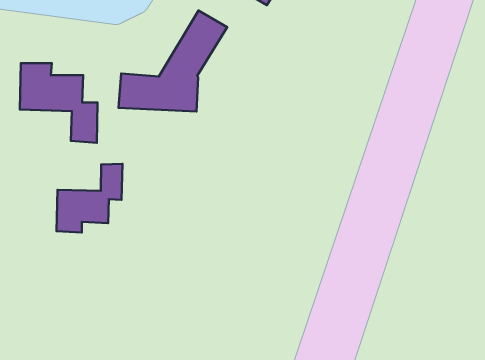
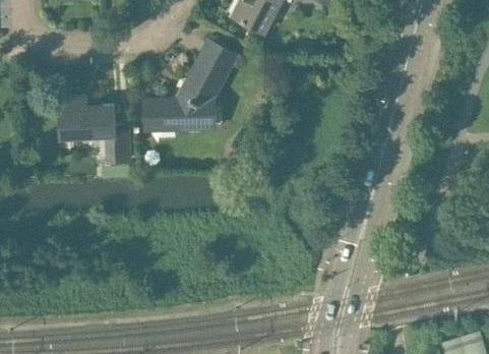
building: [57,164,123,232] -> none

